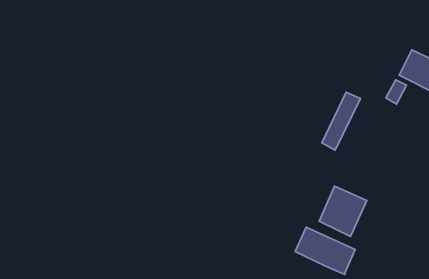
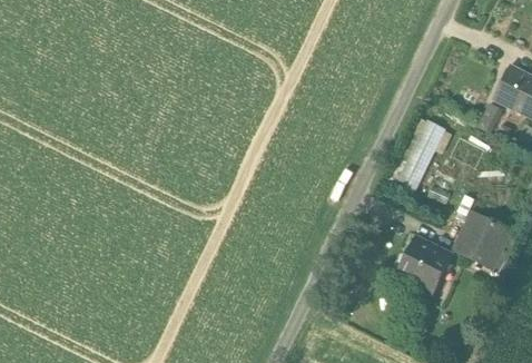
building: none -> [454,212,511,268]
building: [295,227,355,275] -> none

